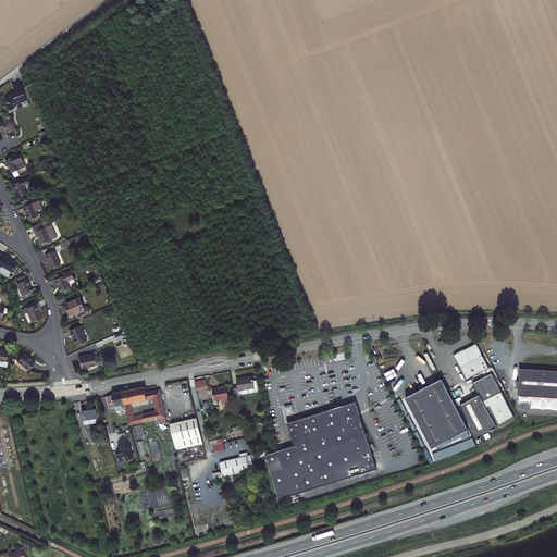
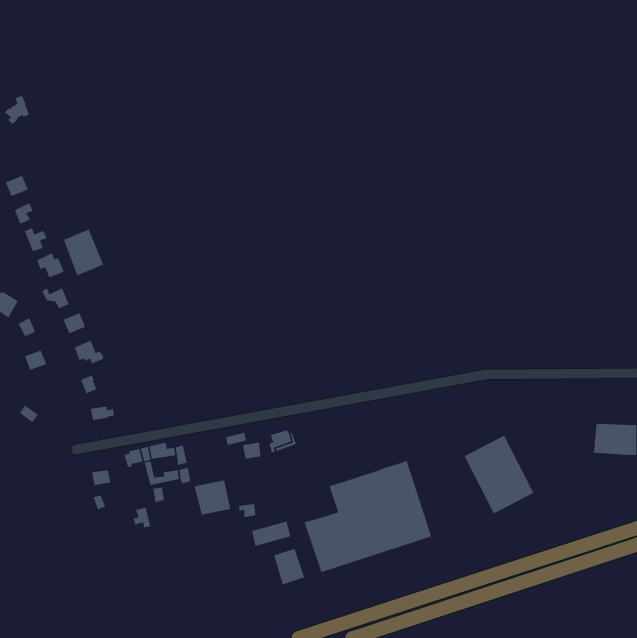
building: none -> [63,229,104,277]
building: [453,344,486,380] -> none
building: [459,374,512,436] -> none
building: none -> [273,548,305,586]

